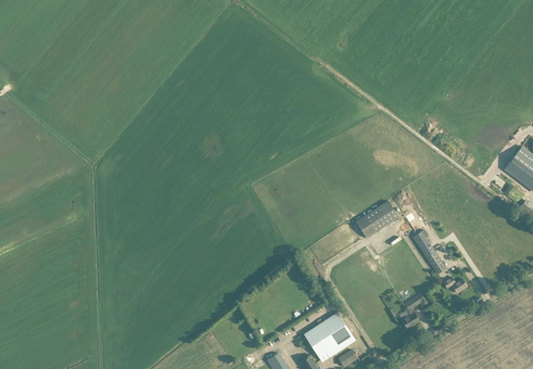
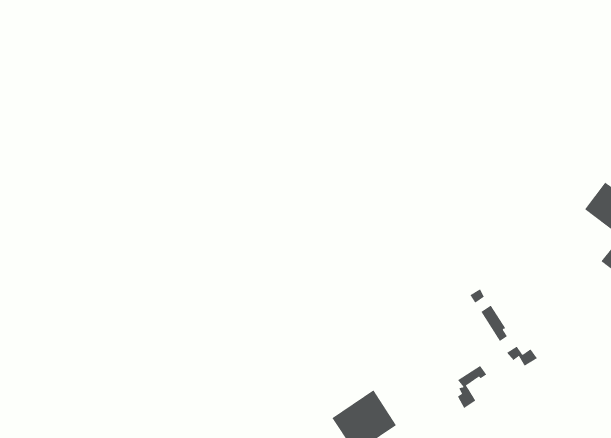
building: [356,201,398,238] -> none

